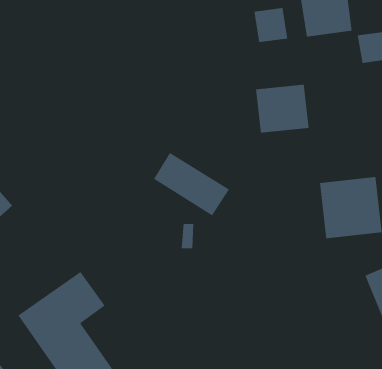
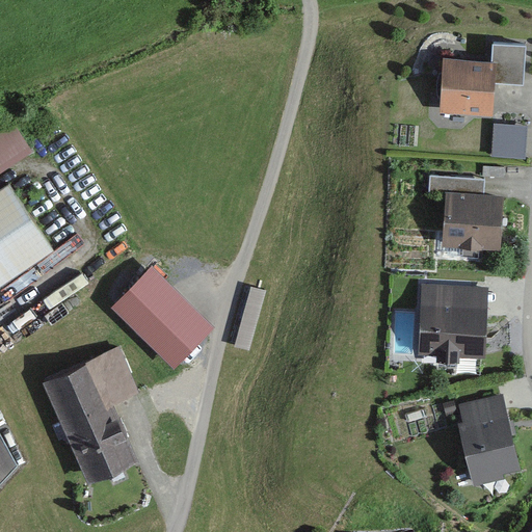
building: [254,7,288,43] -> none
building: [255,84,309,133] -> [436,192,499,249]
building: [153,152,230,216] -> [118,274,207,358]

